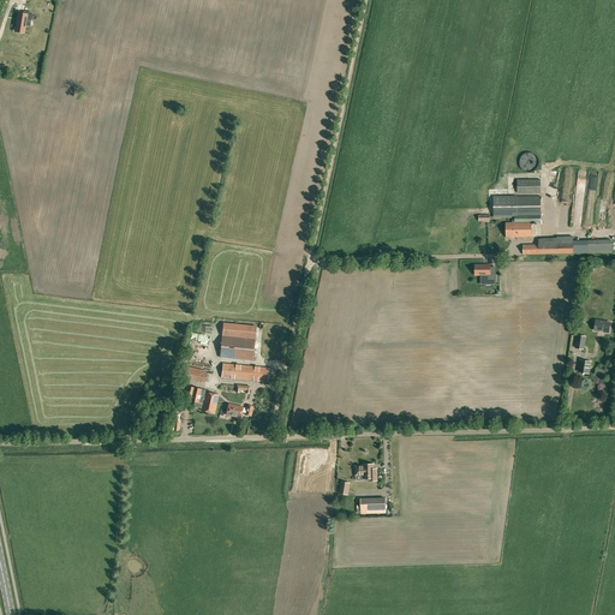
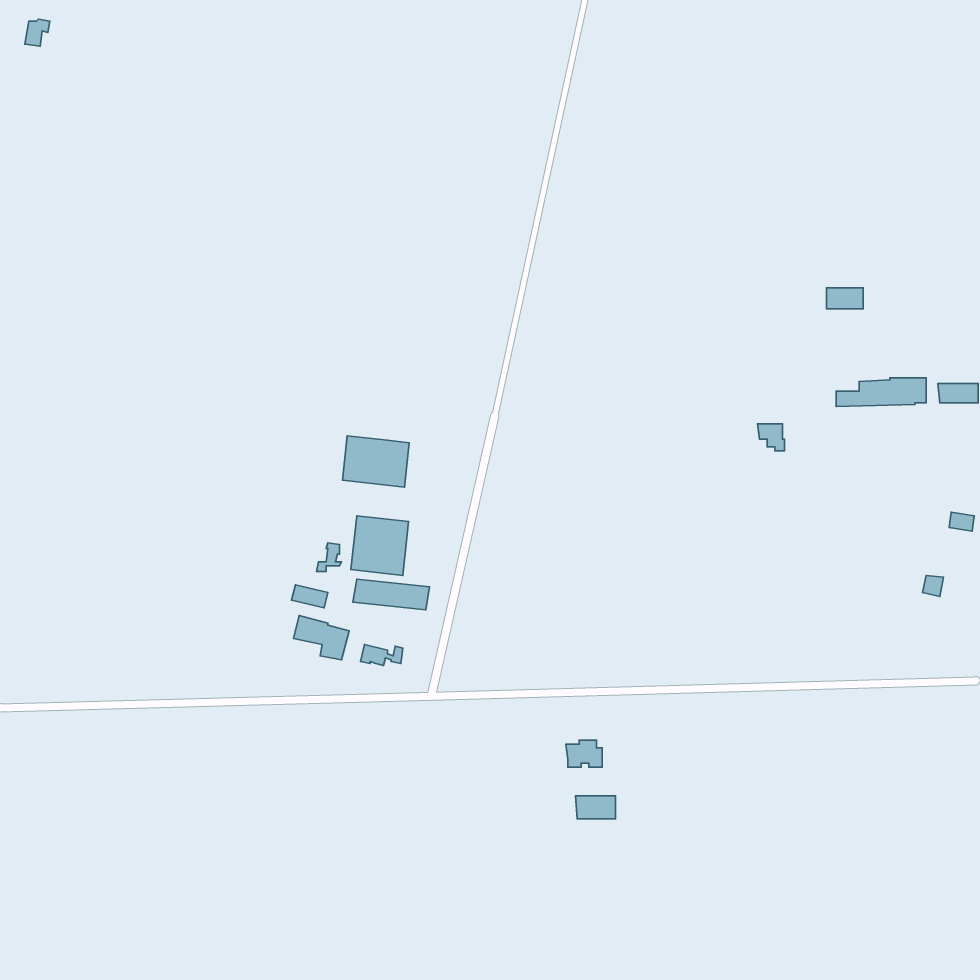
building: [494,197,542,238] -> none
building: none -> [342,436,409,487]

